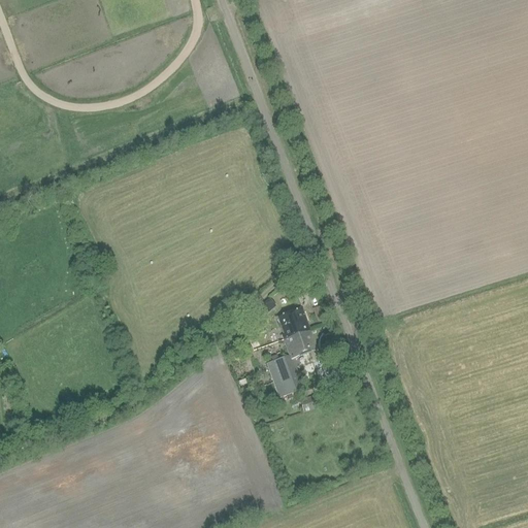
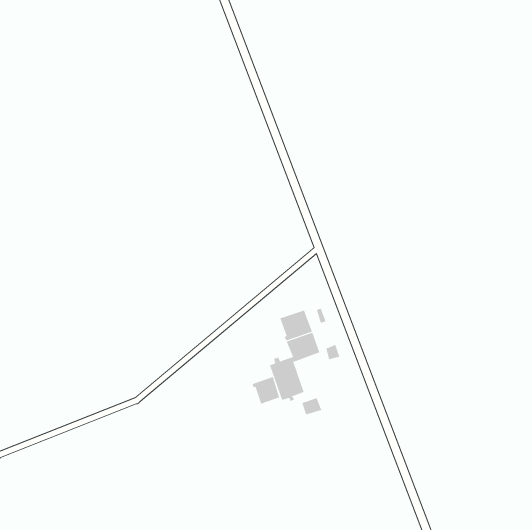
building: none -> [252,376,280,405]

